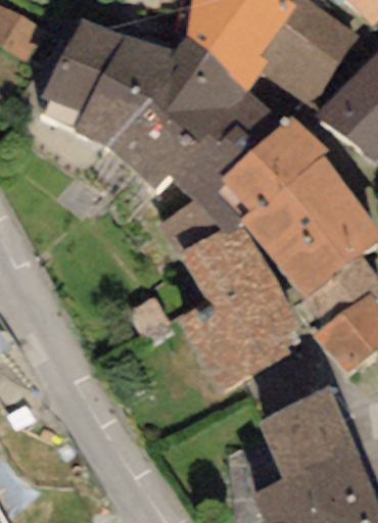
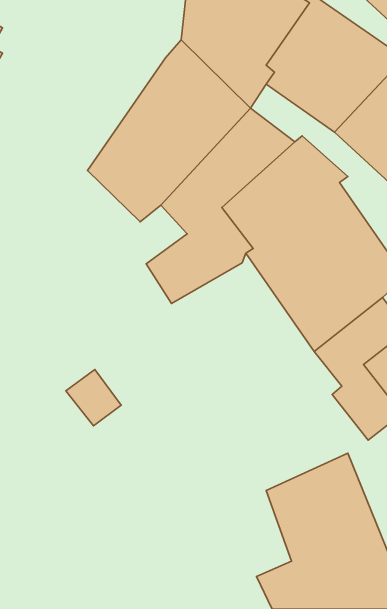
building: [40,16,175,146] -> none
building: [180,225,300,391] -> none

